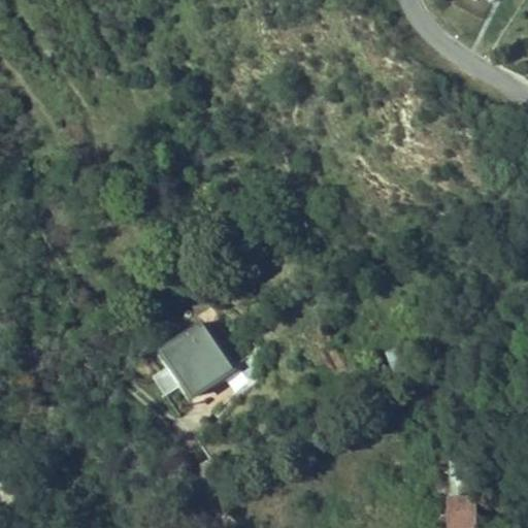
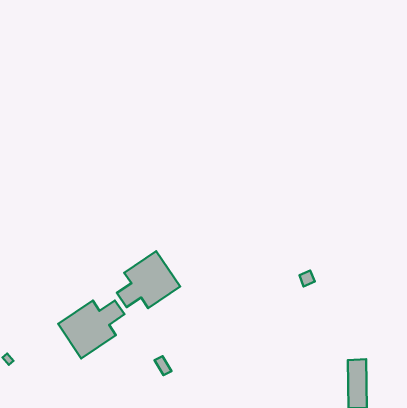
building: none -> [58,300,124,358]

